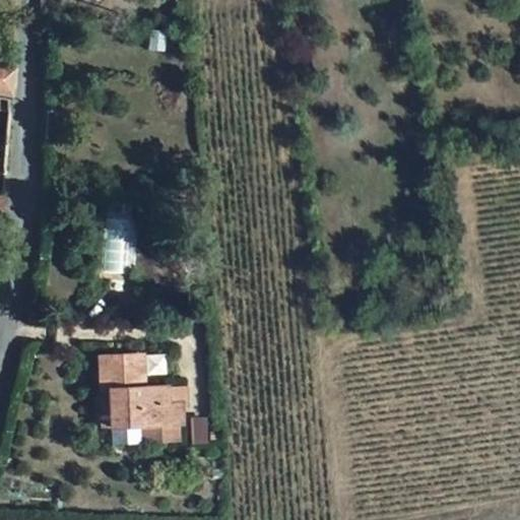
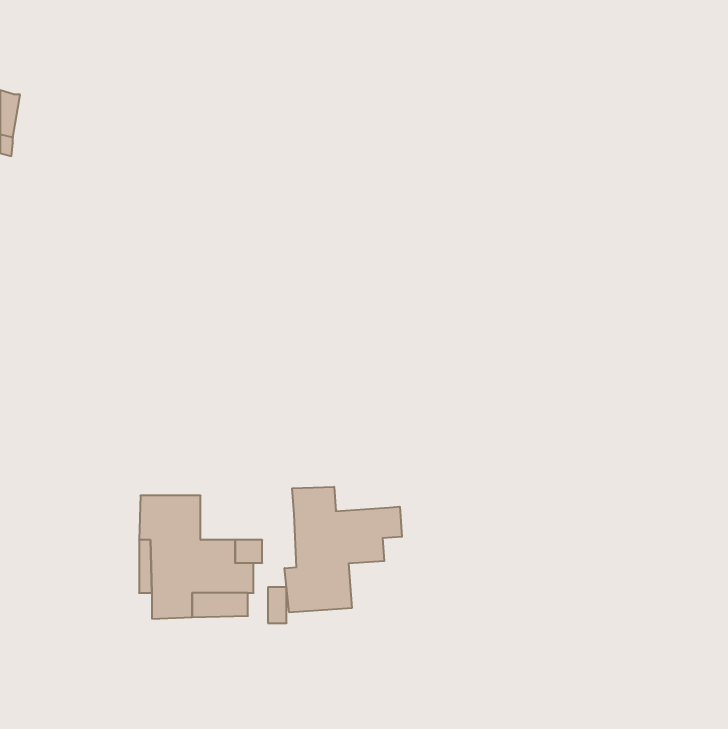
building: none -> [285,487,402,612]

